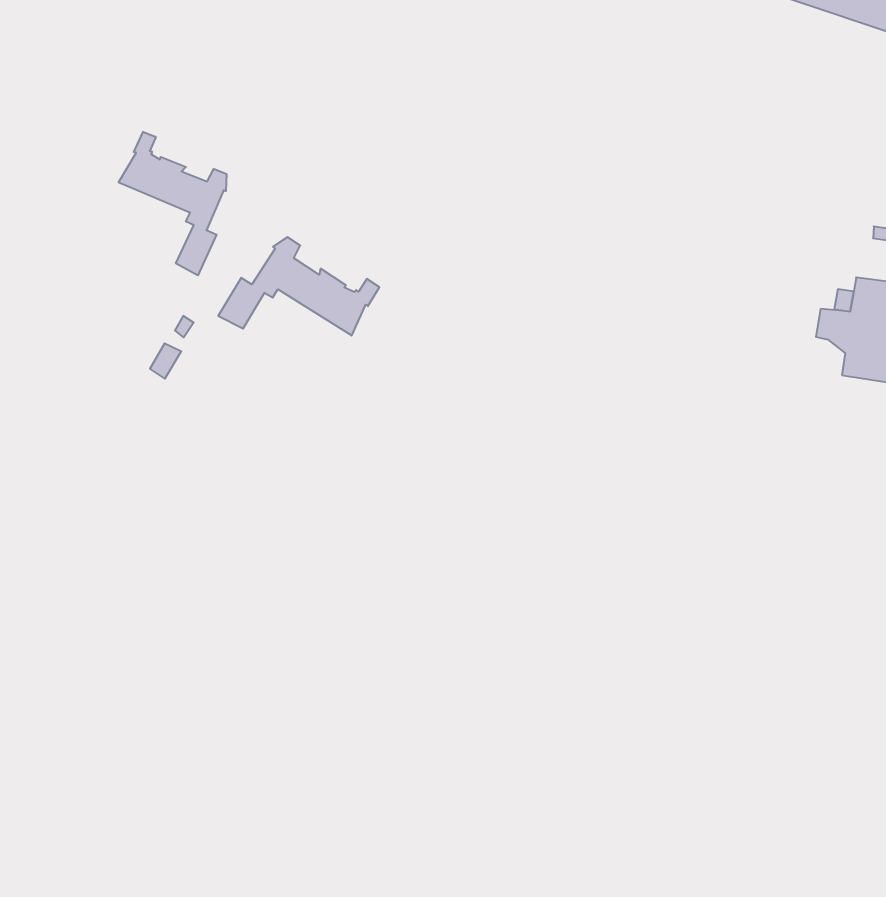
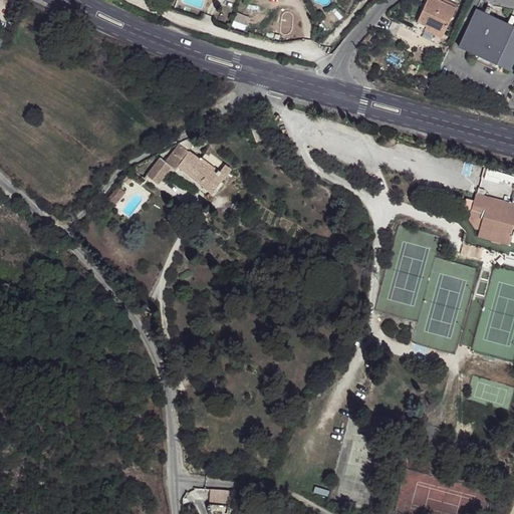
building: [119,132,226,275] -> none

